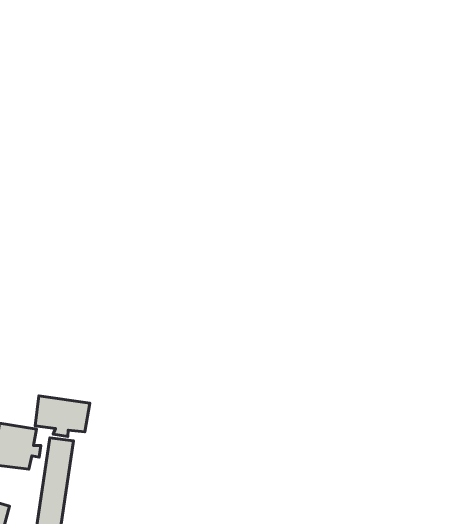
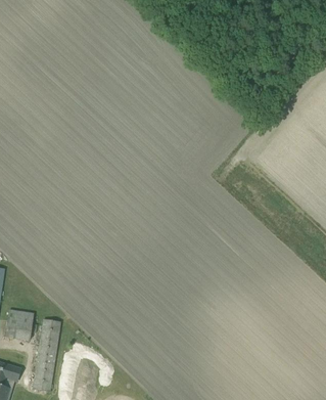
building: [35,396,90,436] -> none

